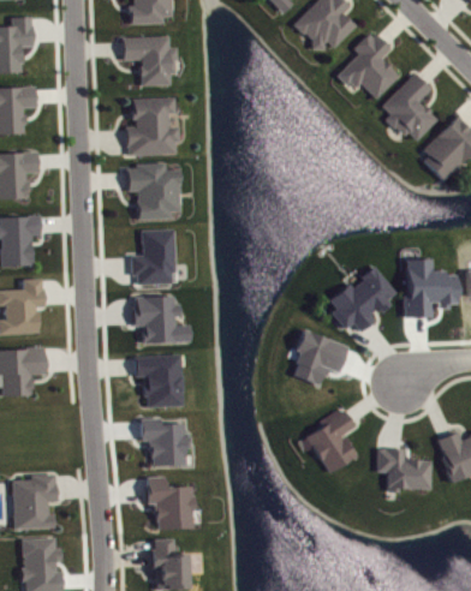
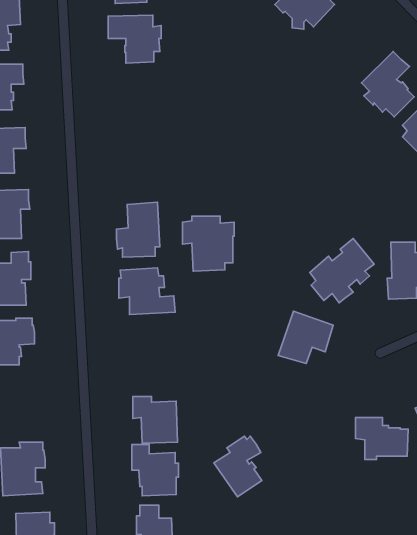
building: [339,32,397,97] -> none
building: [125,96,178,154] -> none
building: [126,162,179,219] -> [183,216,234,271]
building: [141,363,189,416] -> none
building: [304,408,353,471] -> [214,436,262,497]

